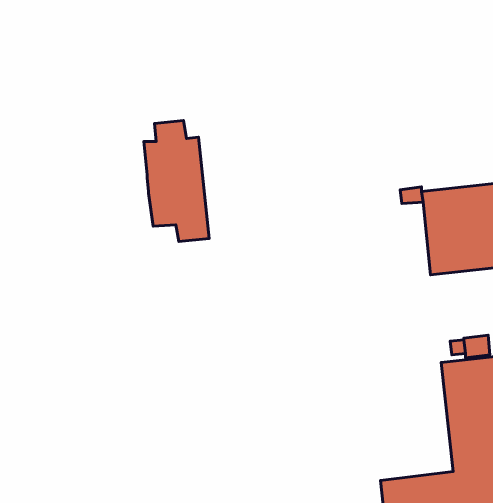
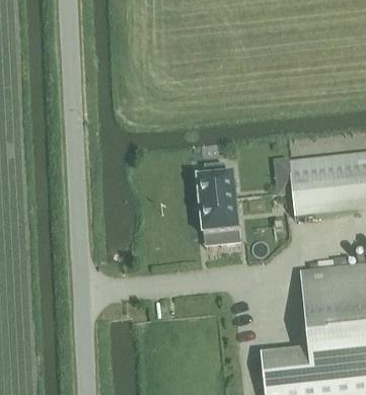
building: [144,120,209,241] -> [197,162,240,243]

